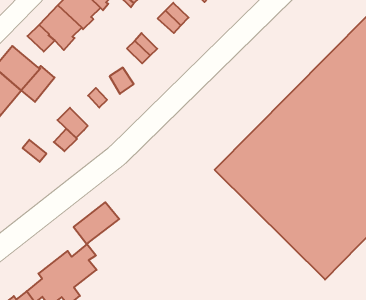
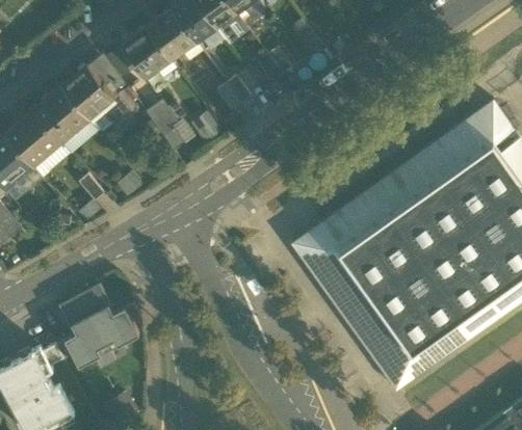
building: none -> [89,54,126,95]
building: [57,108,88,138] -> [147,101,180,136]
building: [74,202,119,244] -> [60,285,113,328]

